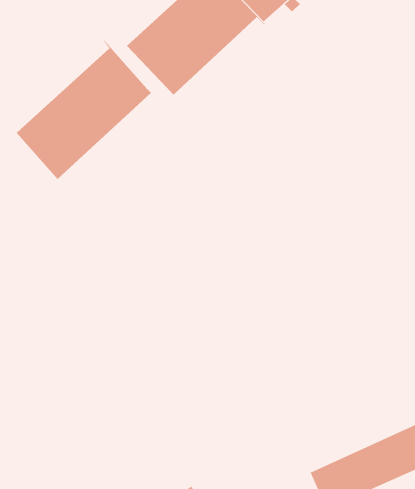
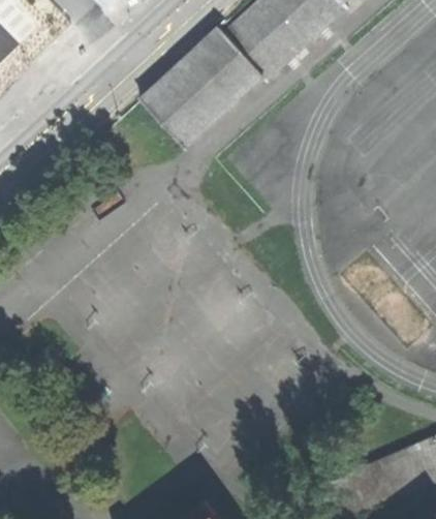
building: [16,39,152,180] -> none

